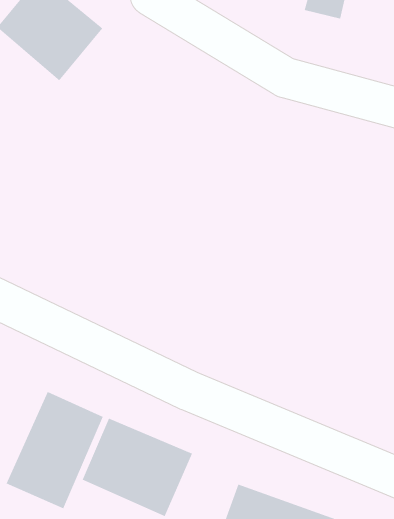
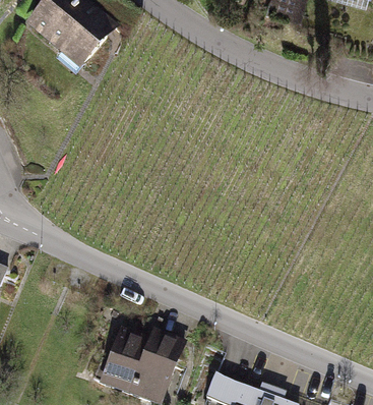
building: [6,391,104,509] -> none

